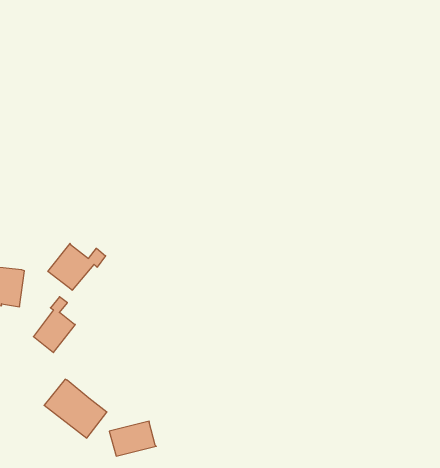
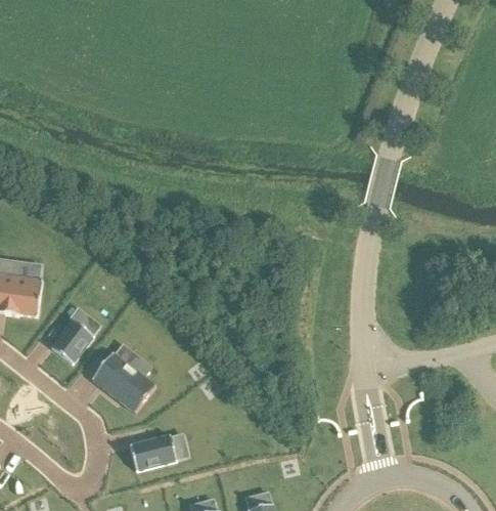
building: [48,243,106,290] -> none
building: [44,379,107,438] -> [91,351,155,412]

